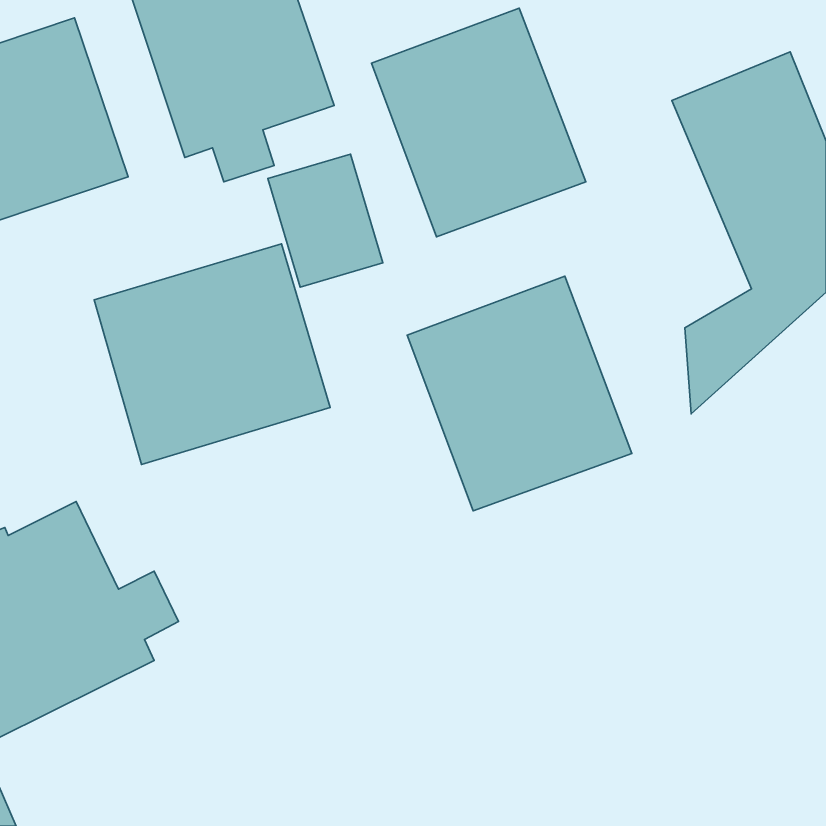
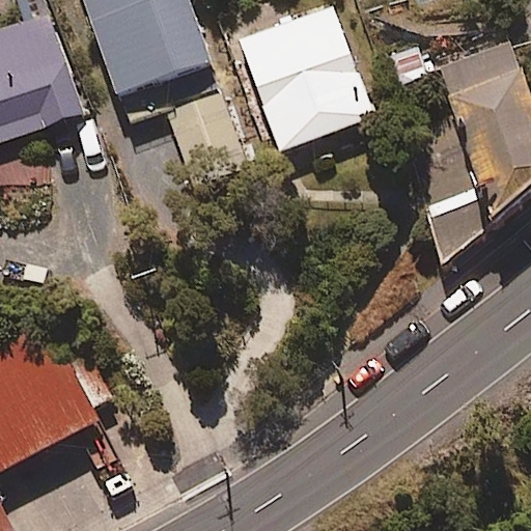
building: [94,244,330,464] -> none
building: [407,276,632,511] -> none

